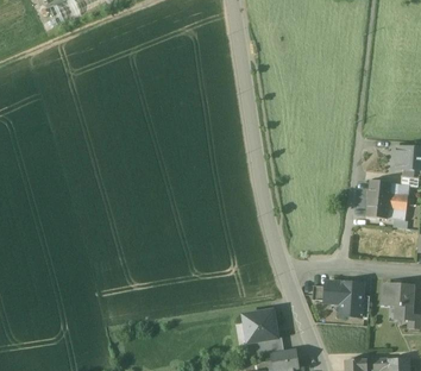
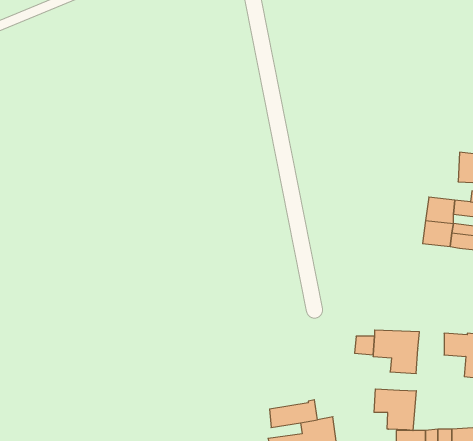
building: [241,309,276,342] -> none
building: none -> [374,389,416,431]

